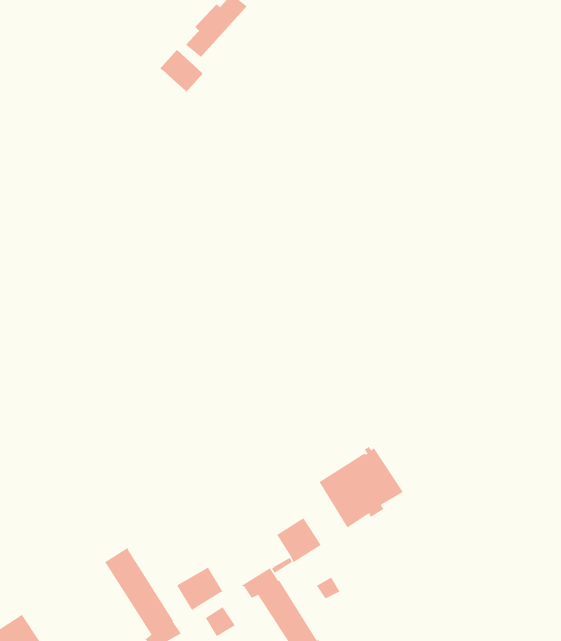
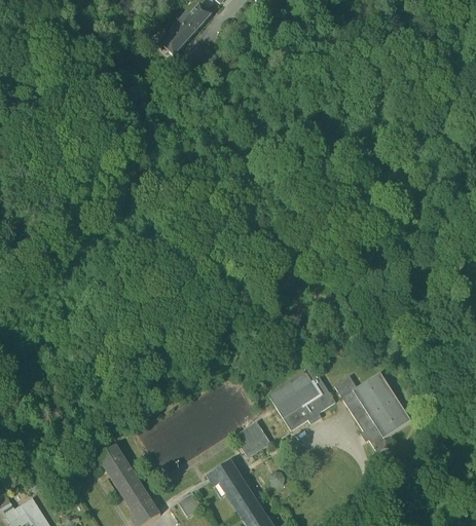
building: [159,50,204,93] -> none
building: none -> [333,372,410,452]
building: [177,566,223,612] -> none

